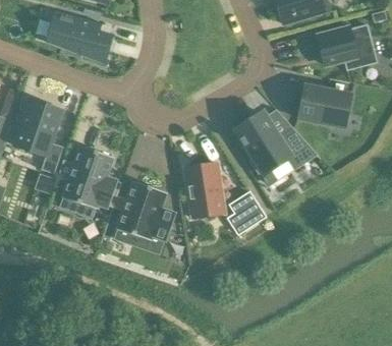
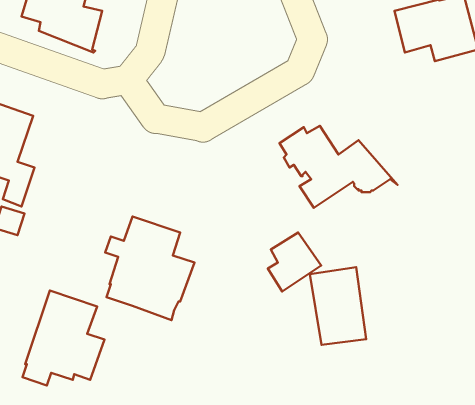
building: [298,84,351,126] -> none
building: [60,145,118,212] -> [22,291,104,386]
building: [184,162,224,217] -> [310,267,366,345]

